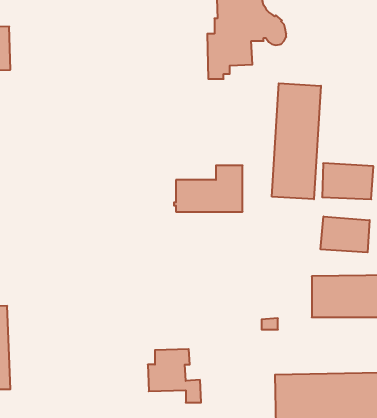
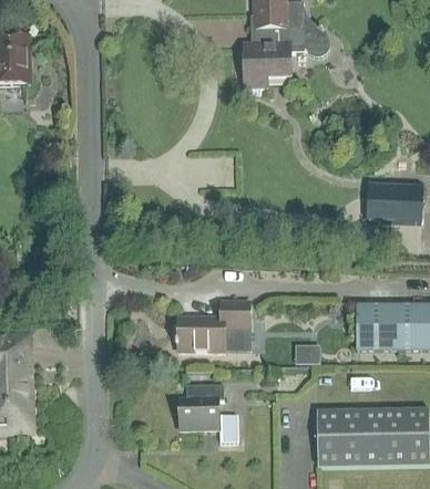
building: [272,83,321,199] -> none
building: [174,165,243,212] -> [175,301,249,351]
building: [321,216,370,252] -> none

